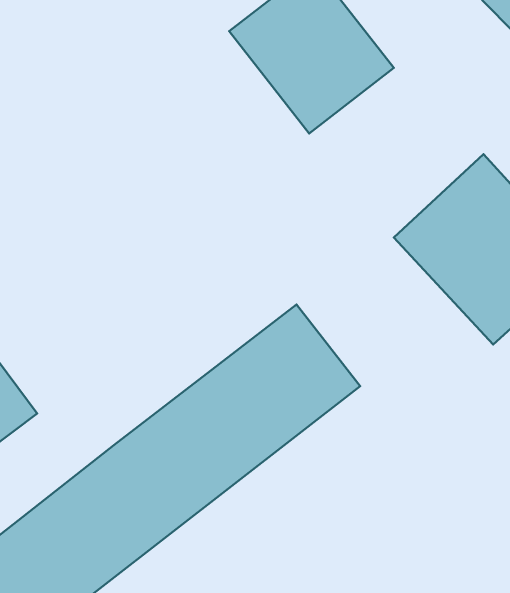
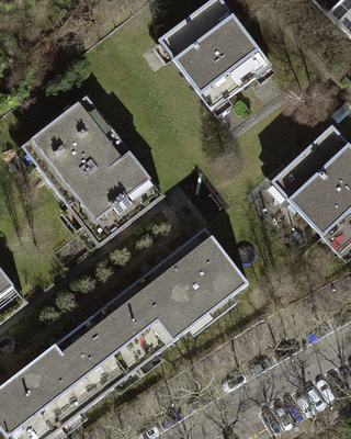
building: none -> [24,94,162,245]

